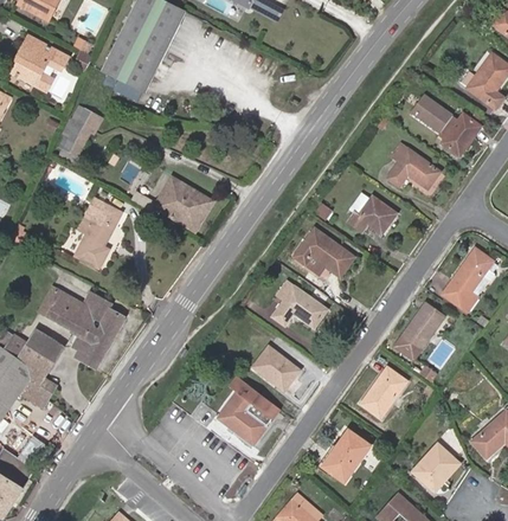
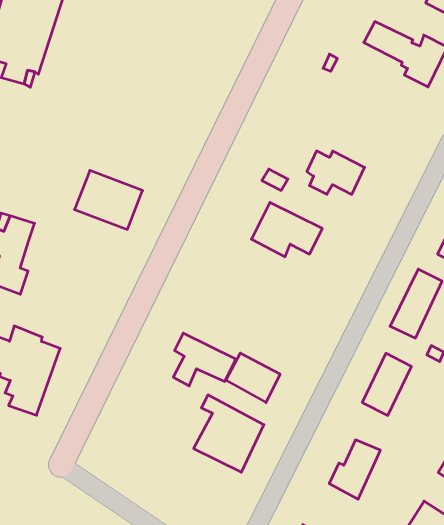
building: [387,143,439,188] -> none
building: [272,281,326,326] -> [173,333,236,386]

